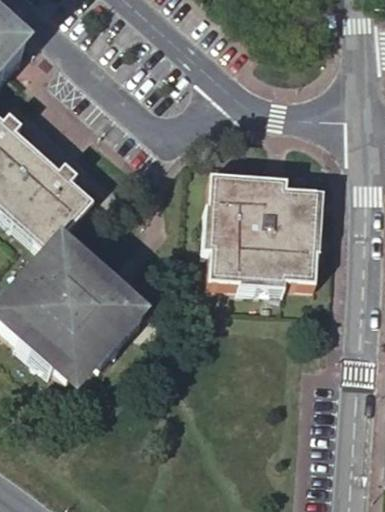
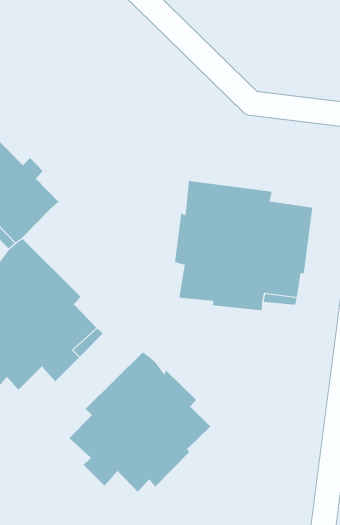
building: none -> [69,352,211,493]

